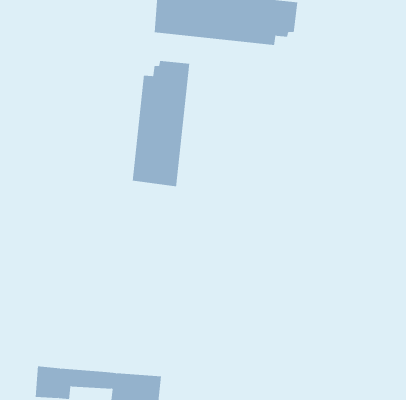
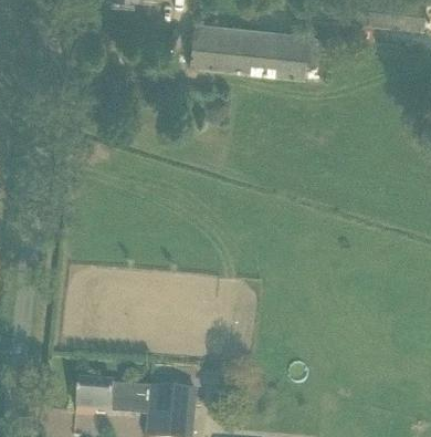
building: [132,60,190,187] -> none

